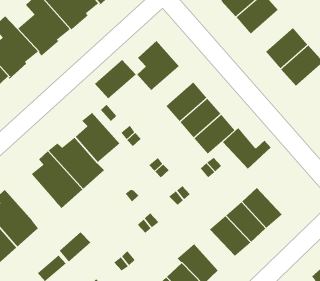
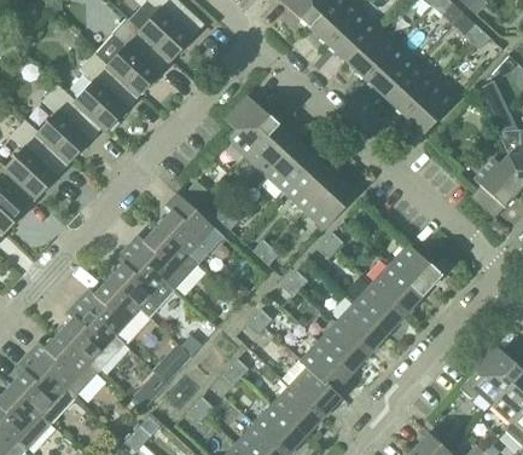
building: none -> [362,41,414,94]
building: [94,59,136,99] -> [248,123,298,174]
building: [222,127,272,169] -> [390,242,452,293]
building: none -> [80,276,143,333]
building: none -> [320,321,372,370]

